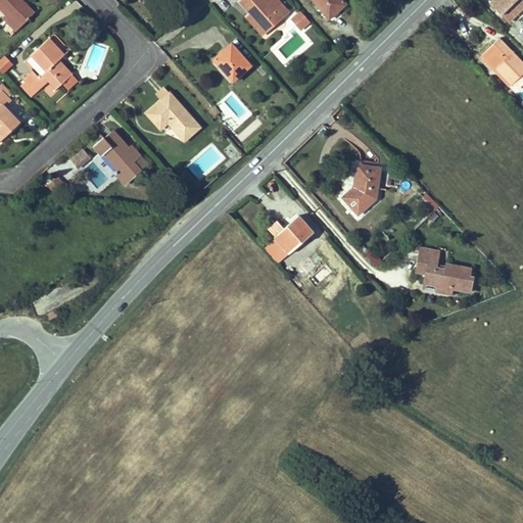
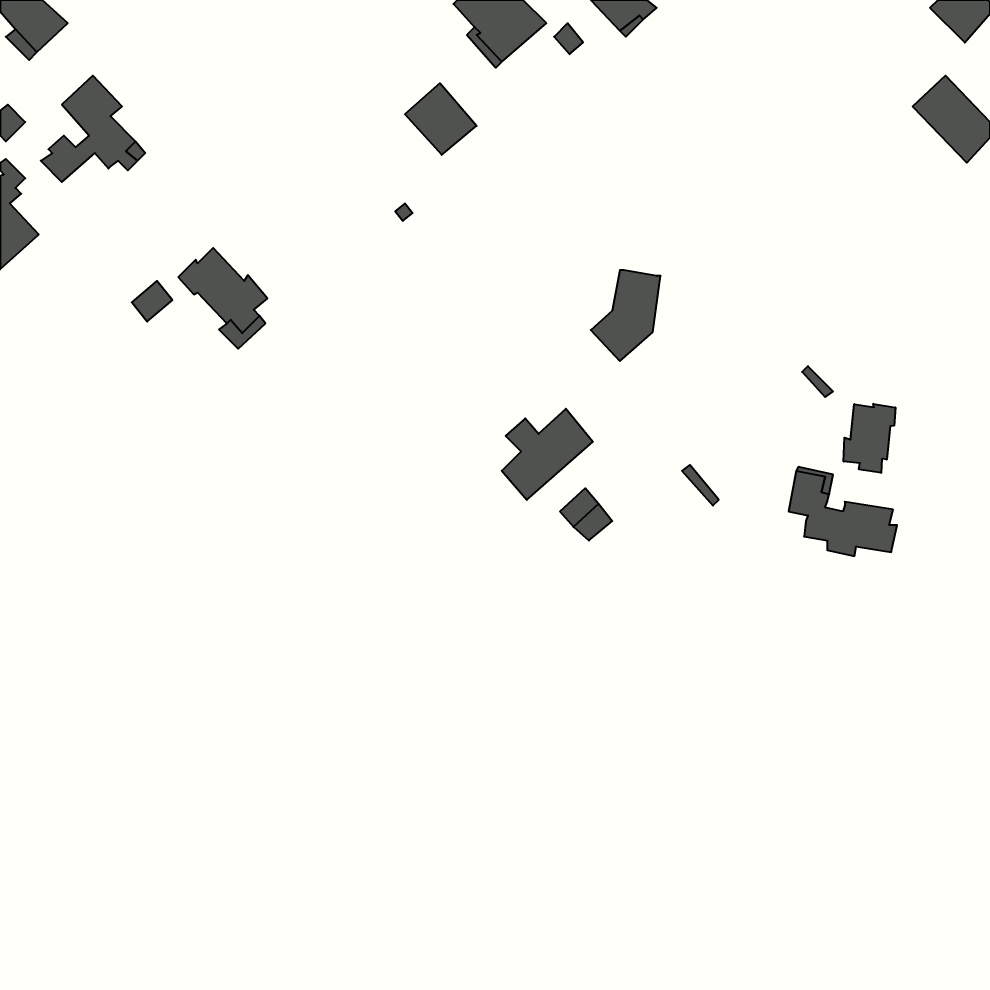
building: [147,89,200,140] -> none
building: [342,165,379,213] -> [591,270,661,361]
building: none -> [844,404,895,473]

